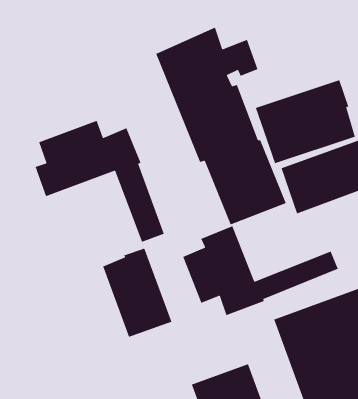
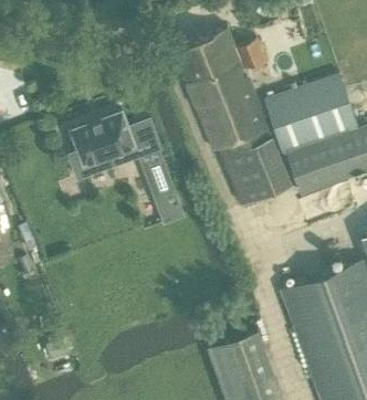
building: [182,225,339,316] -> none
building: [102,247,172,338] -> none

